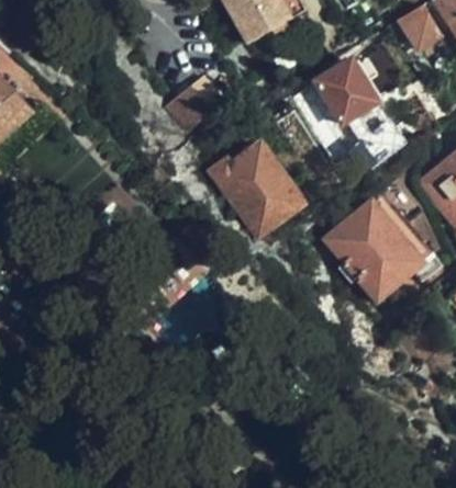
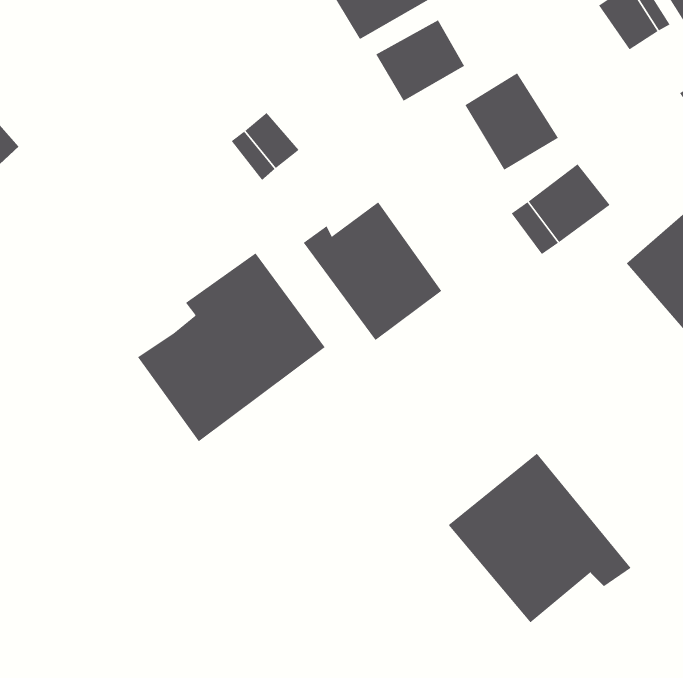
building: none -> [375,19,465,102]
building: none -> [137,252,325,442]
building: [322,193,440,302] -> [448,453,631,623]

